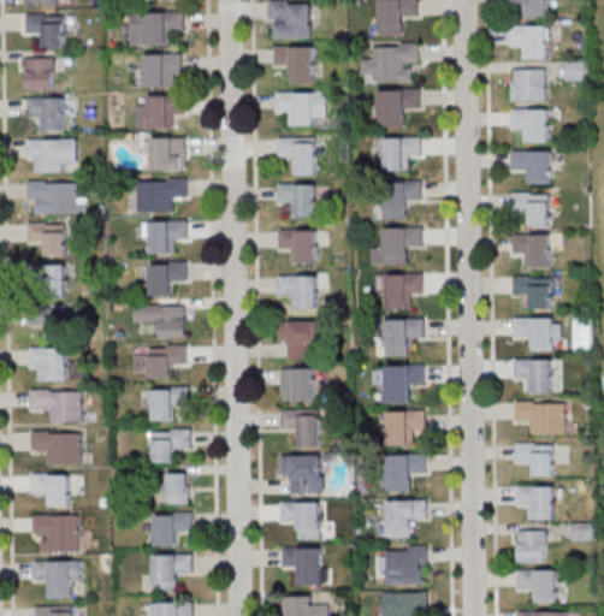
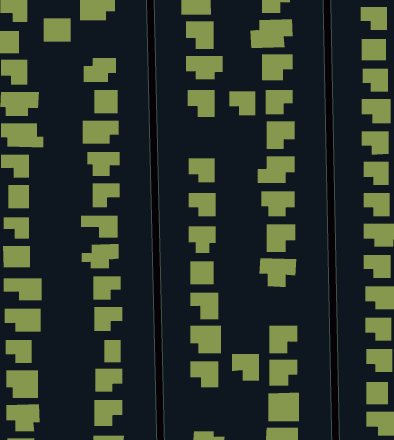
building: [142,54,180,87] -> [43,18,71,42]
building: [276,184,313,218] -> [228,91,256,116]
building: [383,411,424,446] -> none
building: [282,547,320,585] -> [231,354,260,381]

